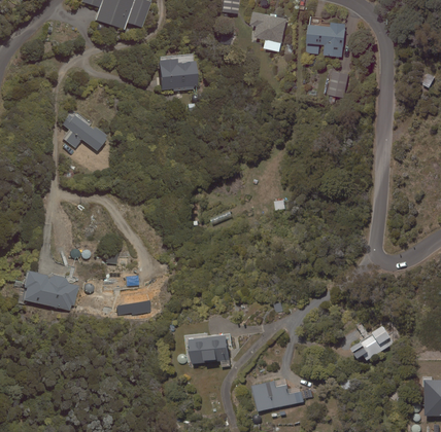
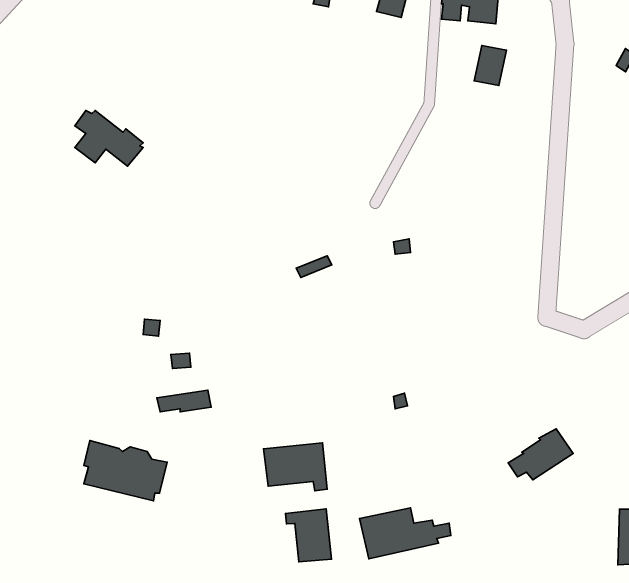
building: [158,58,198,89] -> none
building: [23,269,78,310] -> [84,441,167,501]
building: none -> [286,509,332,562]

